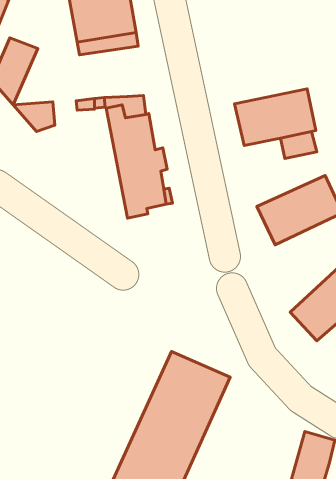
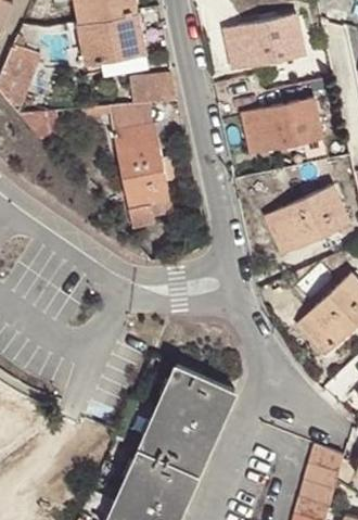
building: none -> [221,15,306,73]
building: none -> [129,74,176,105]

